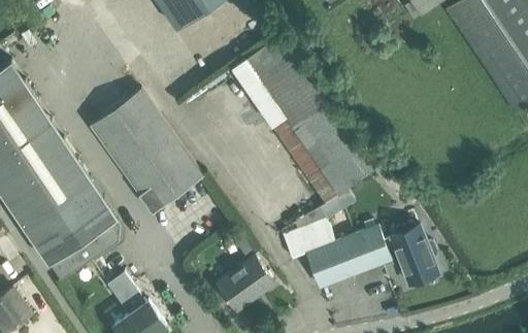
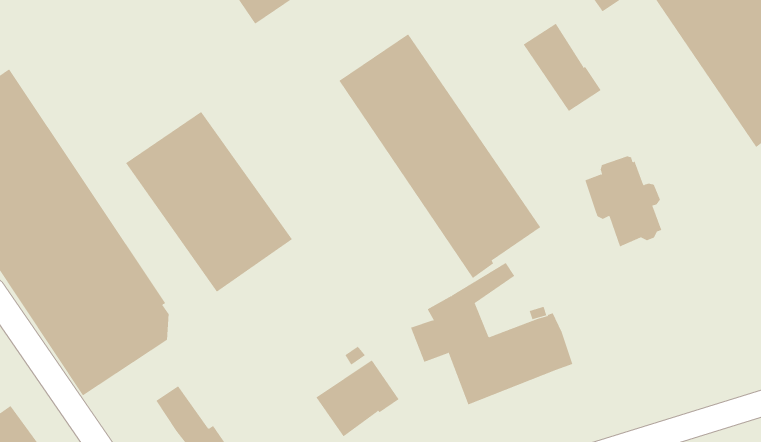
building: none -> [523,23,602,112]
building: [385,222,437,284] -> [585,156,662,247]

